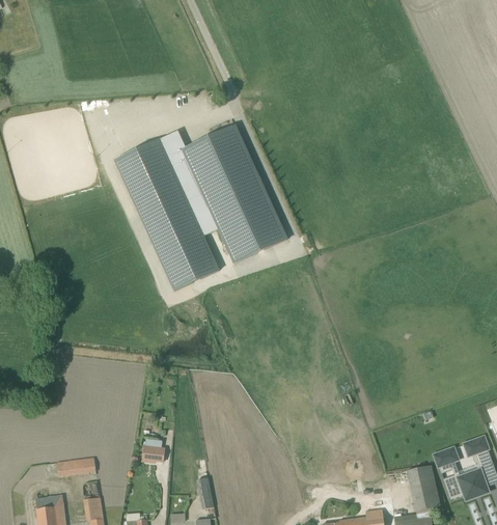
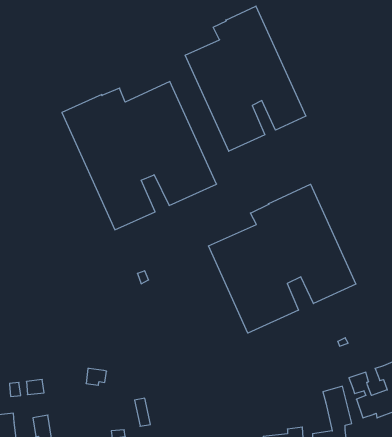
building: none -> [185,6,306,151]
building: none -> [208,184,356,333]

